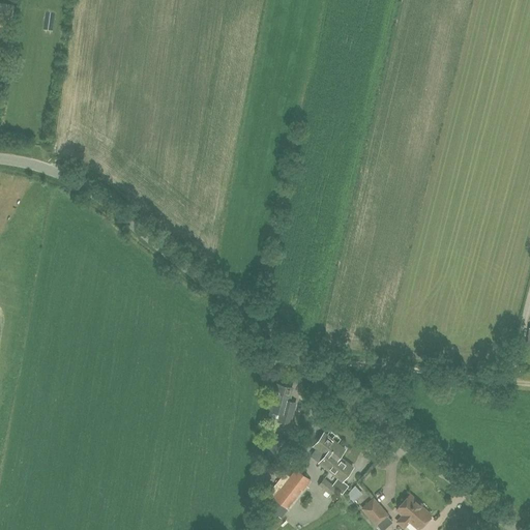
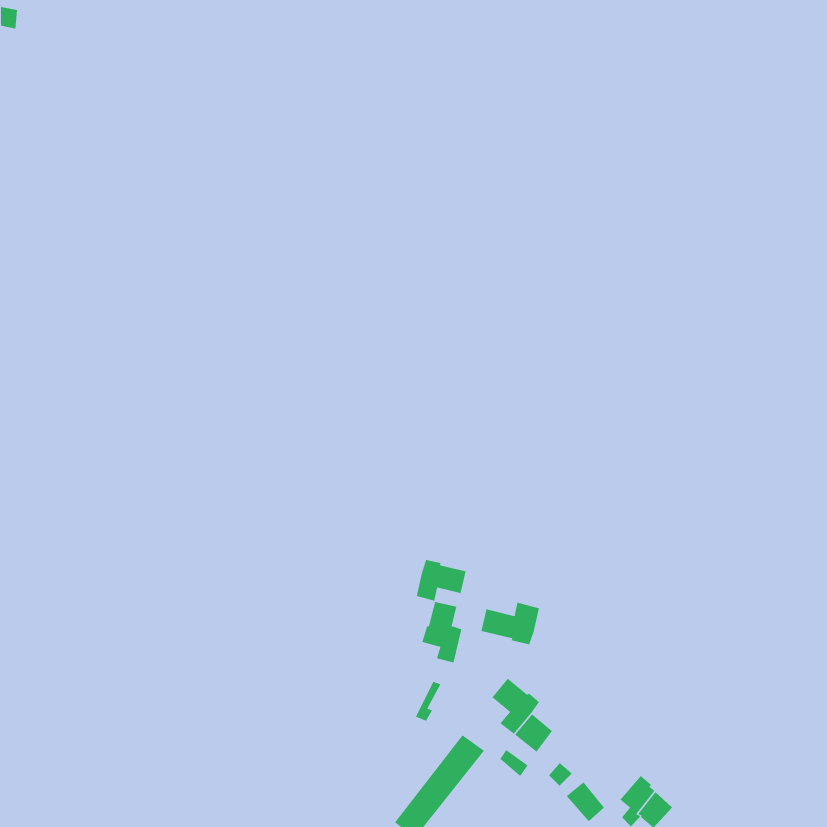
building: none -> [416,559,466,602]
building: none -> [481,602,540,645]

